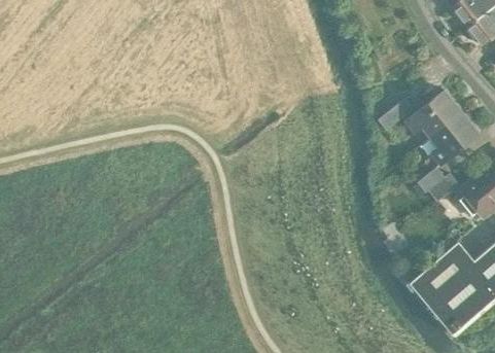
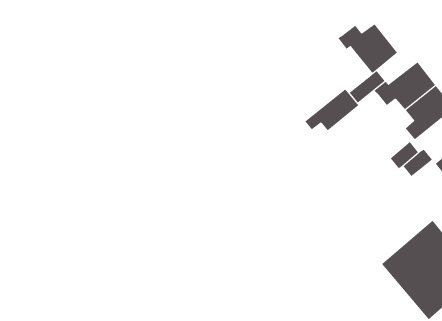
building: none -> [338,24,398,74]
building: none -> [305,88,359,131]

